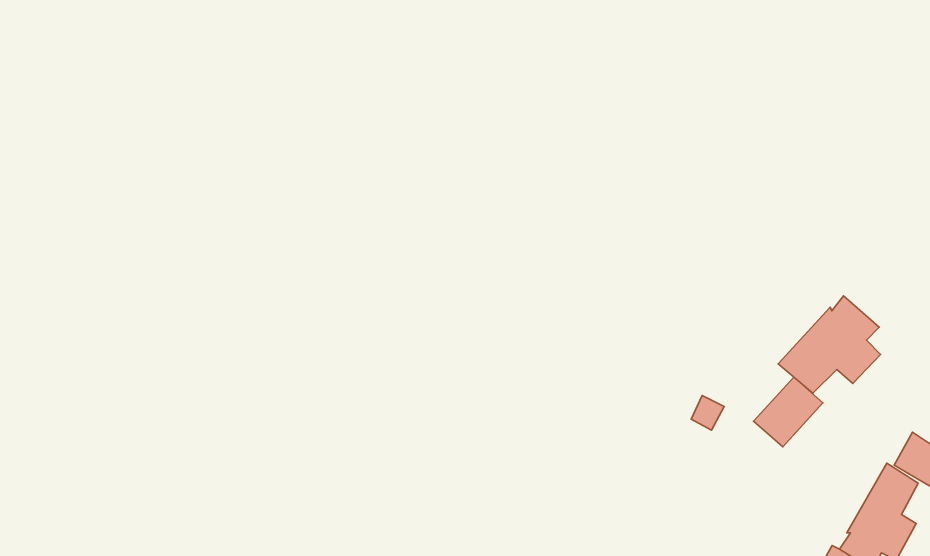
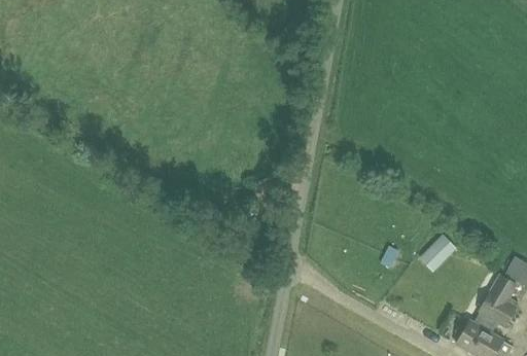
building: [778,296,881,393] -> none

